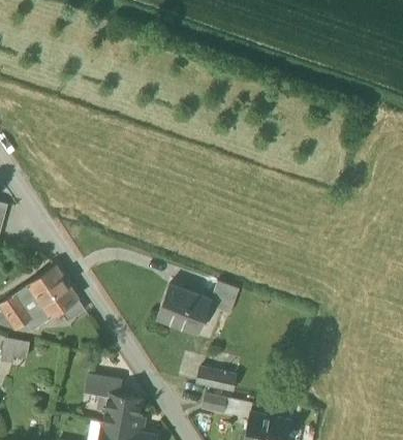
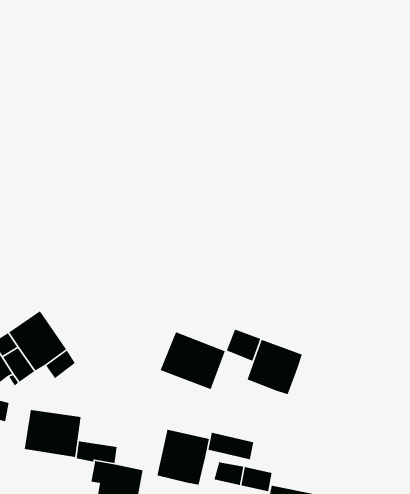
building: none -> [246,339,303,395]
building: none -> [24,409,82,458]
building: none -> [156,429,210,485]

